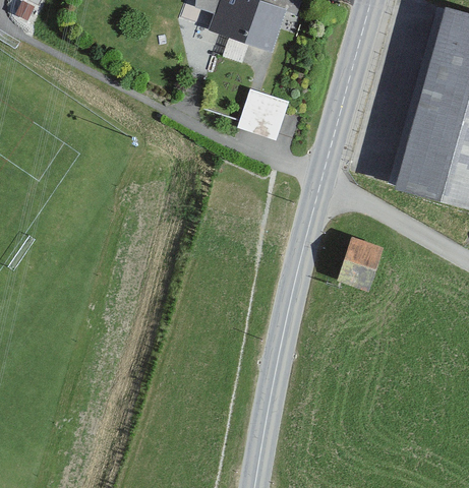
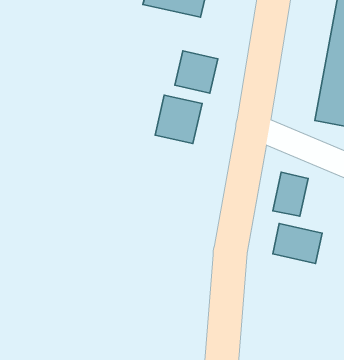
building: none -> [155,95,202,143]
building: none -> [273,224,322,264]

